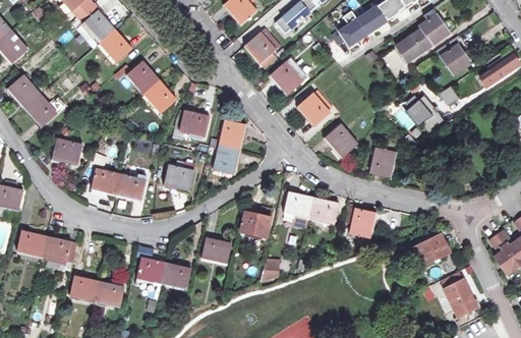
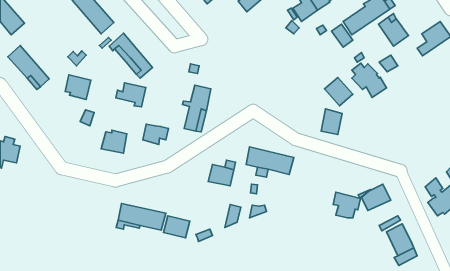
building: [246,30,280,68] -> none
building: [271,58,306,94] -> none
building: [298,92,333,124] -> none
building: [174,111,209,138] -> [116,83,146,107]
building: [325,124,357,157] -> [324,77,353,106]
building: [53,138,82,167] -> [65,75,91,99]
building: [92,169,122,193] -> none
building: [346,207,378,236] -> [333,192,361,218]
building: [17,230,72,261] -> none
building: [200,237,231,263] -> [163,216,190,238]
building: [70,275,124,316] -> none

